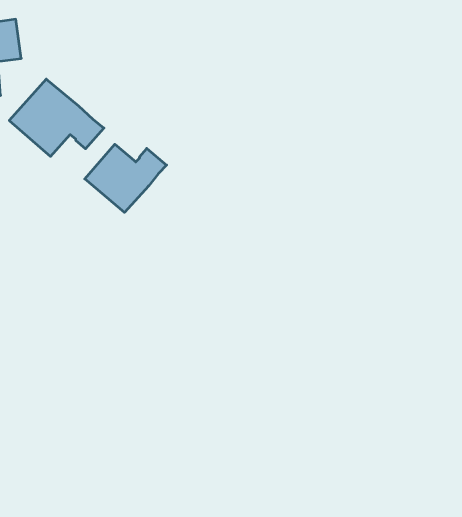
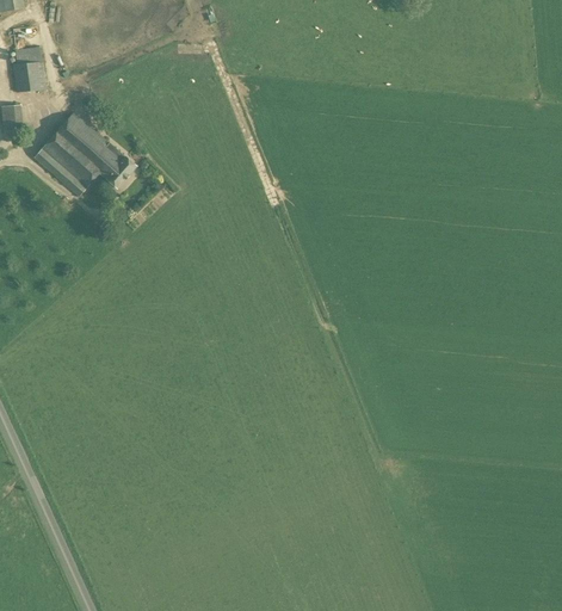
building: [85,144,167,212] -> none

